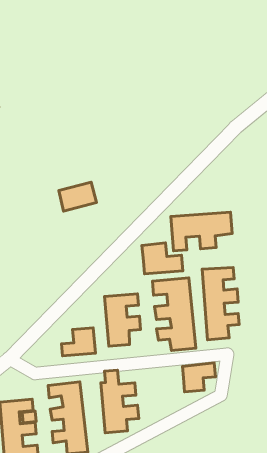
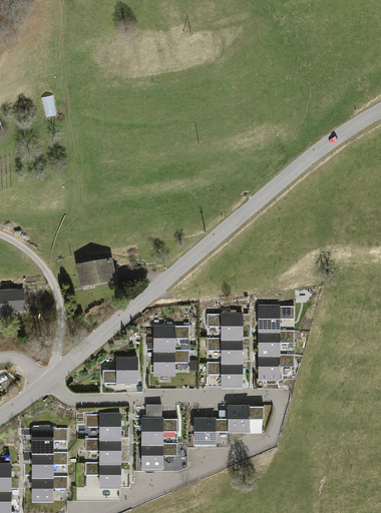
building: [59,182,97,211] -> [76,258,115,286]
building: [171,212,232,251] -> none
building: [142,243,183,274] -> none
building: none -> [195,418,230,446]

